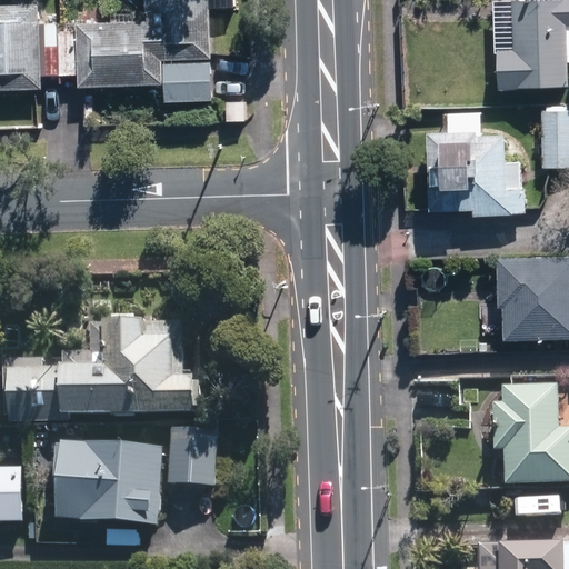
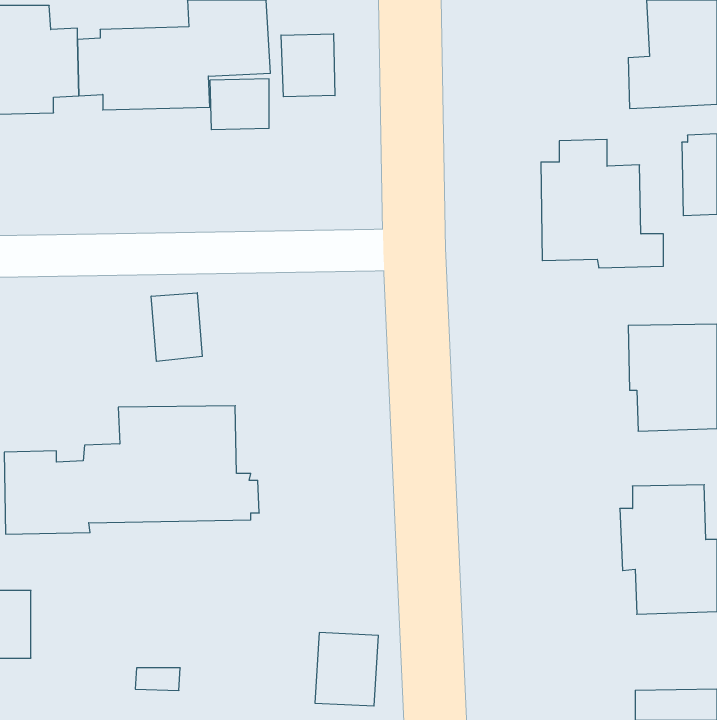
building: none -> [281,34,335,97]
building: none -> [151,293,202,361]
building: [170,426,220,483] -> [315,633,378,706]
building: [60,439,166,522] -> none

